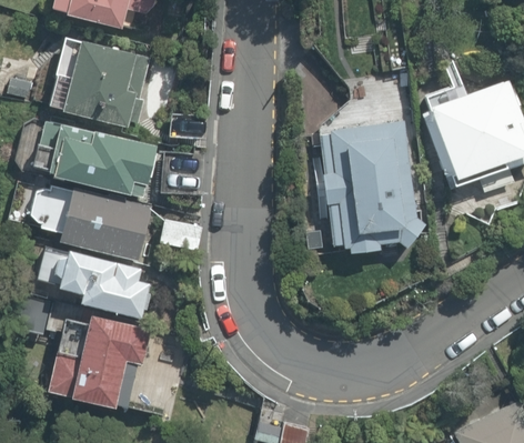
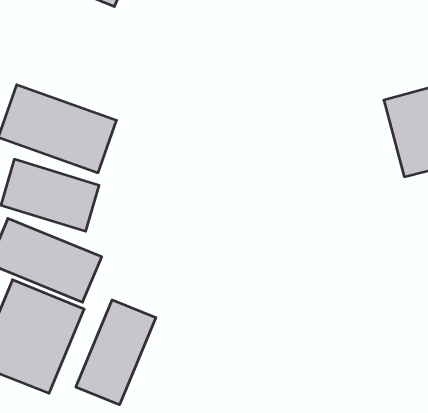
building: [68,43,153,127] -> none
building: [318,117,416,245] -> none
building: none -> [76,300,156,405]

